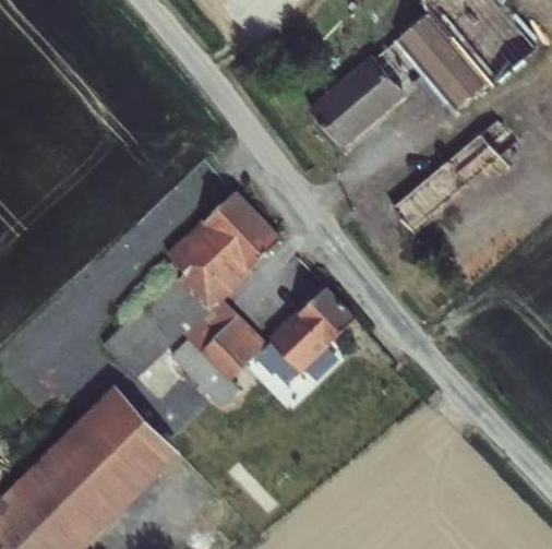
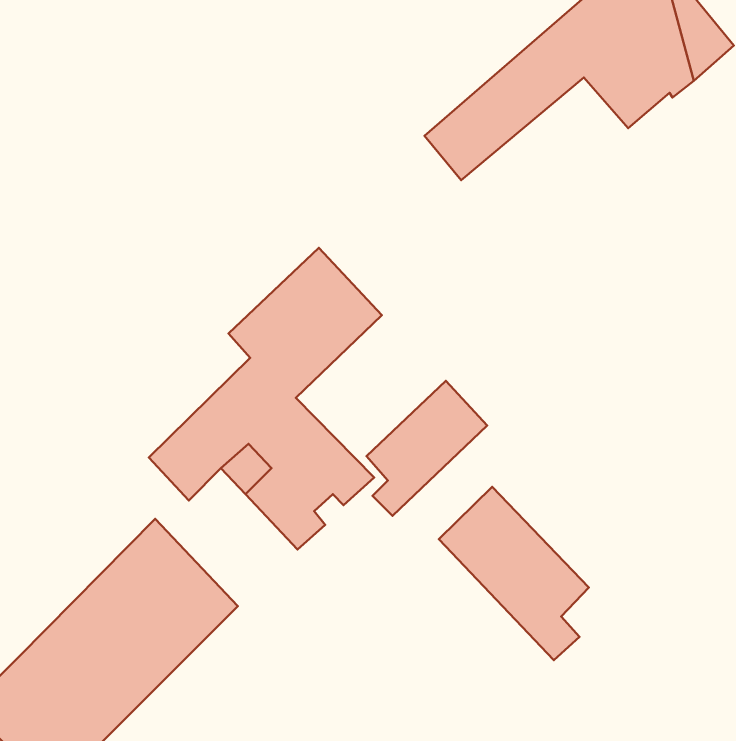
building: [391,118,517,230] -> none
building: none -> [439,487,589,660]

